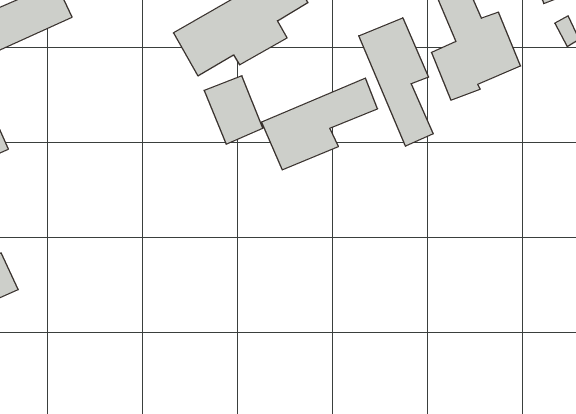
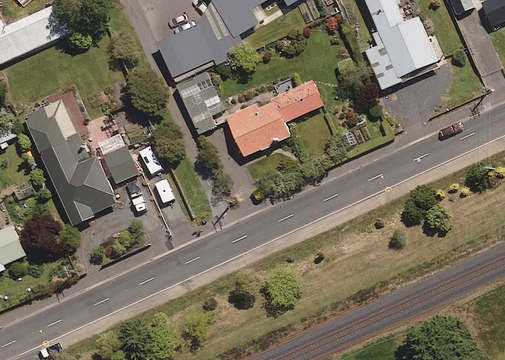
building: [359,18,433,146] -> none
building: none -> [26,101,119,220]
building: none -> [104,142,140,181]

